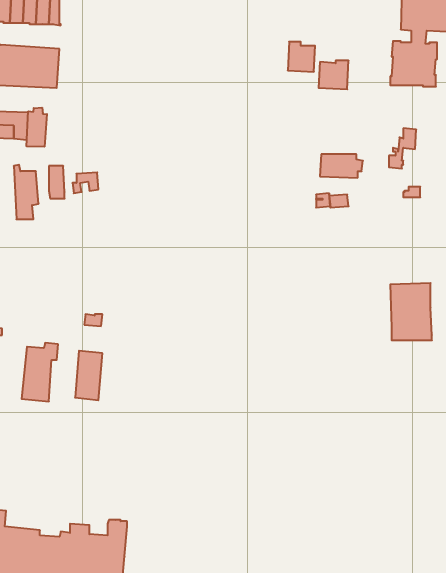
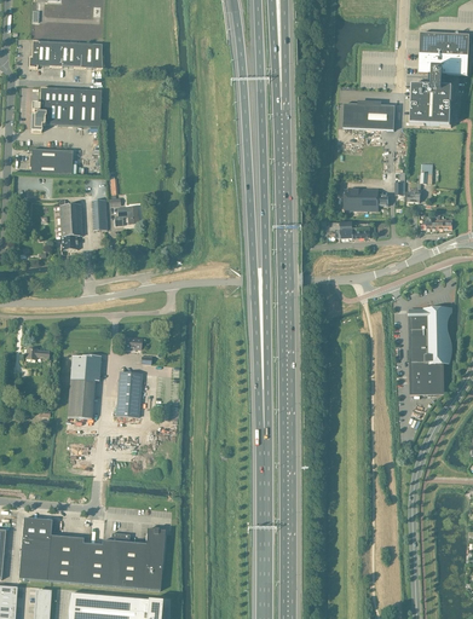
building: [288,42,315,72] -> [369,102,394,129]
building: [27,108,47,147] -> none
building: none -> [410,361,443,394]

